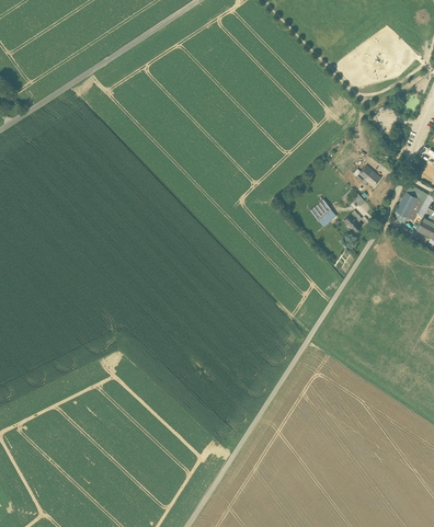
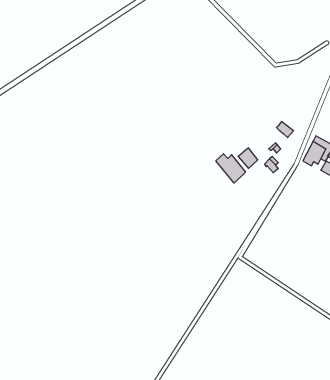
building: none -> [216,154,245,183]

